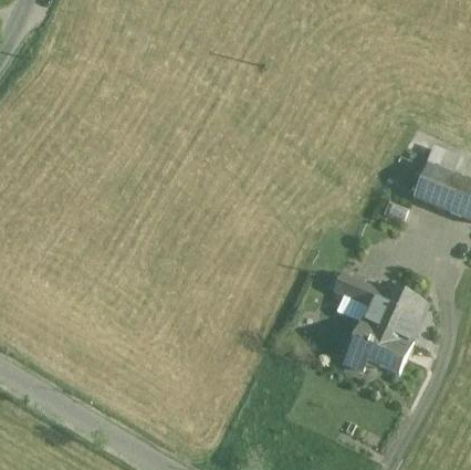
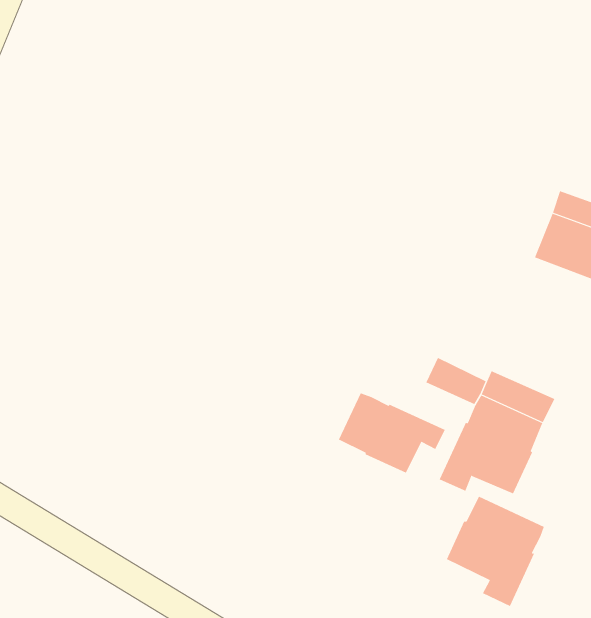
building: none -> [338,392,445,474]
building: none -> [446,496,544,607]

